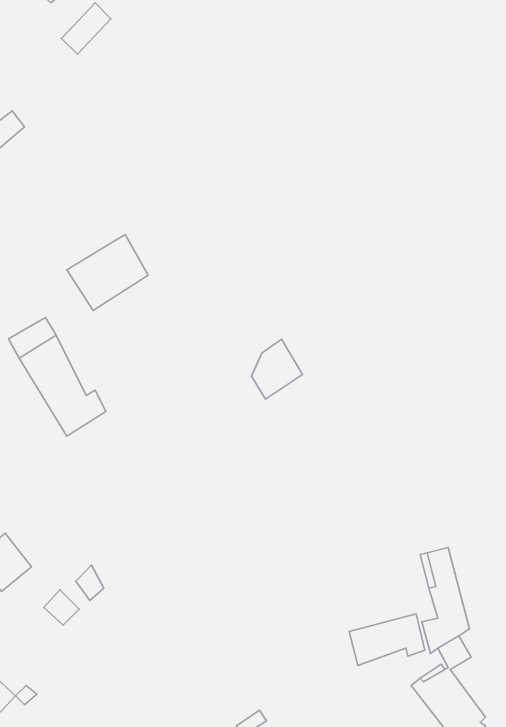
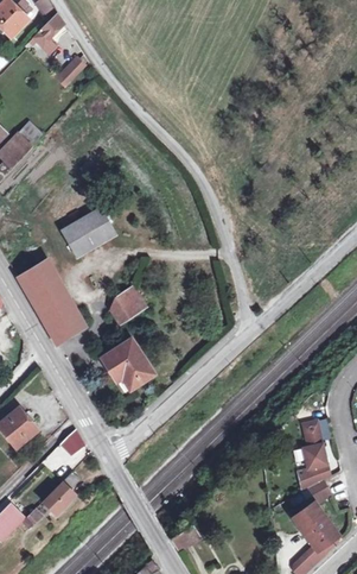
building: [251,339,303,399] -> [113,284,147,324]
building: none -> [106,338,157,390]
building: [349,614,425,666] -> none
building: none -> [42,469,79,515]

